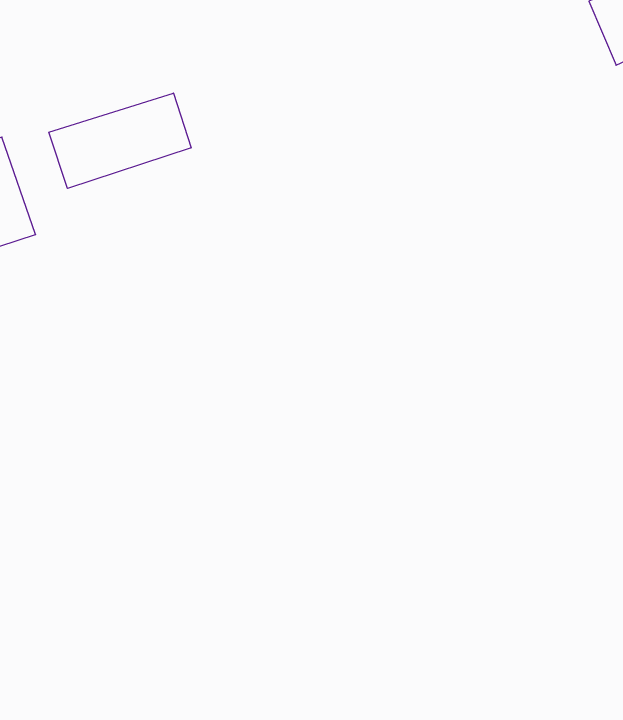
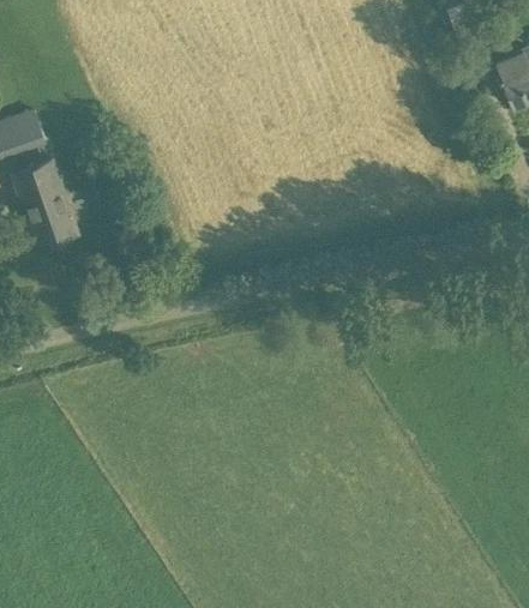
building: [49,93,191,188] -> none

